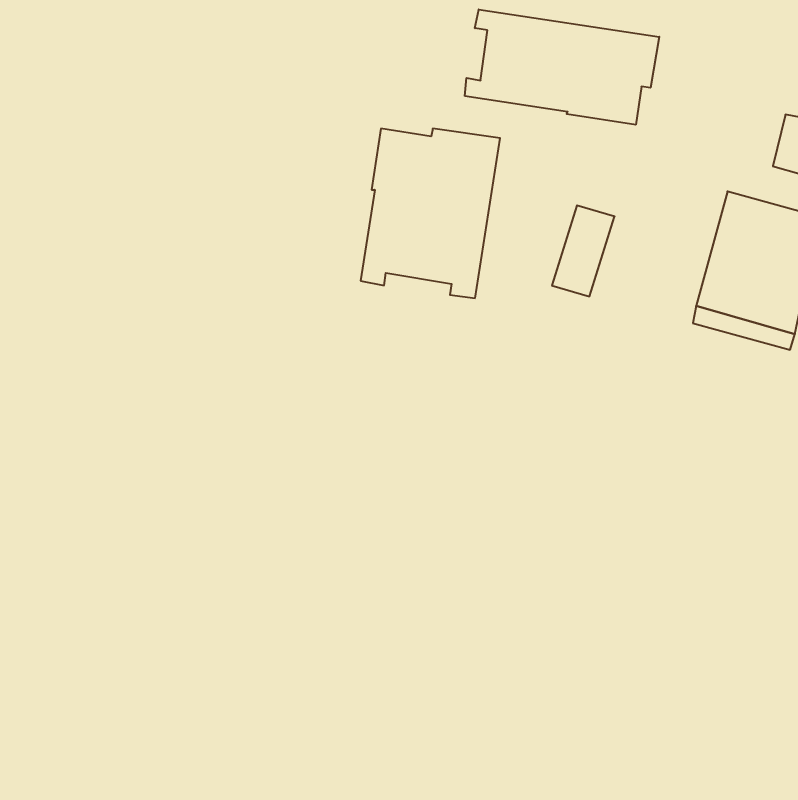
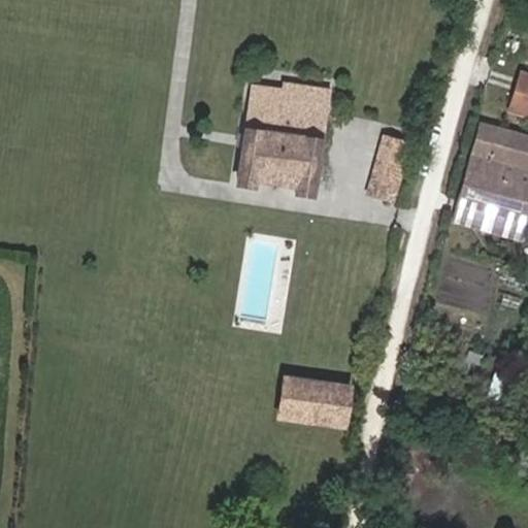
building: [465,9,659,125] -> none
building: none -> [283,376,353,426]

